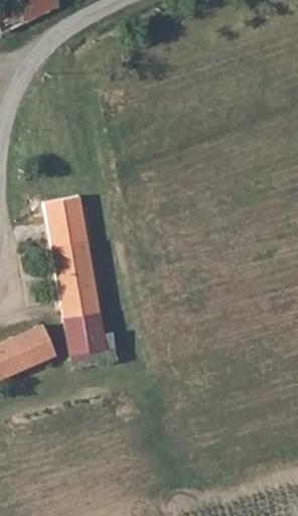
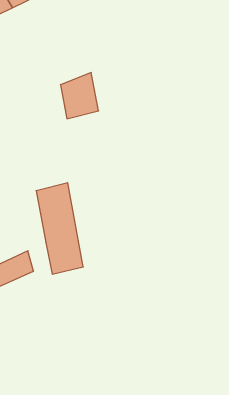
building: [43,195,91,252] -> [60,73,99,119]

